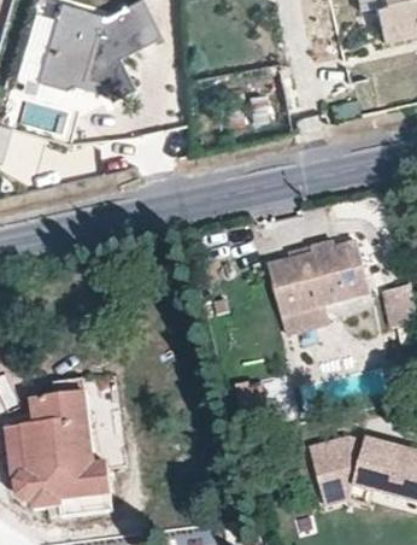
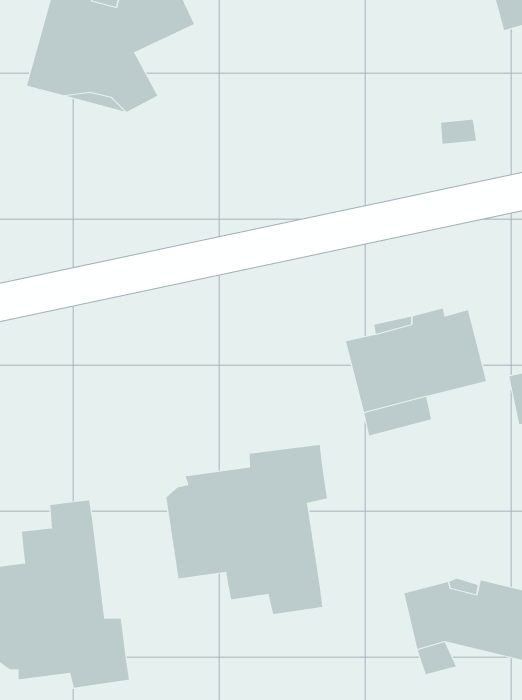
building: none -> [166,444,328,615]

